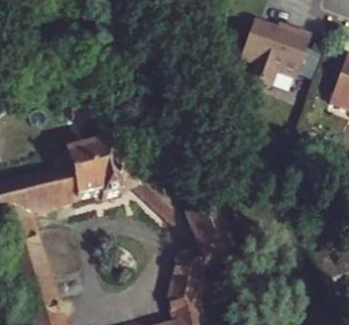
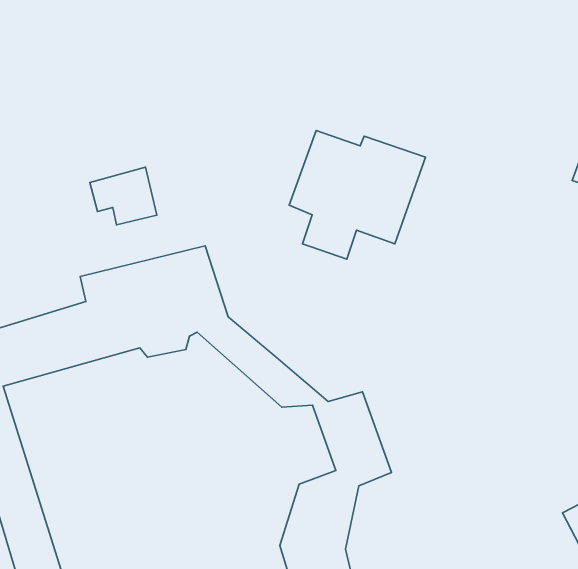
building: [238,20,310,88] -> [289,130,426,259]

